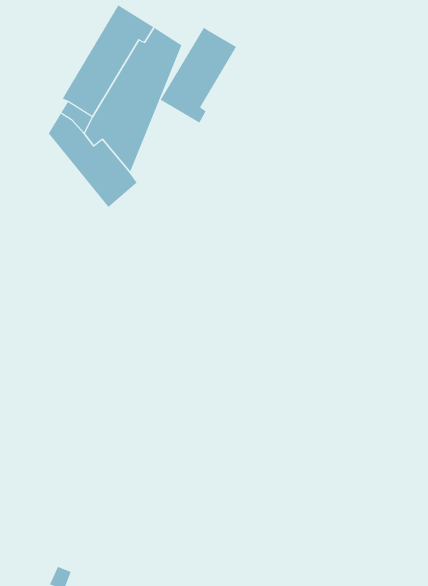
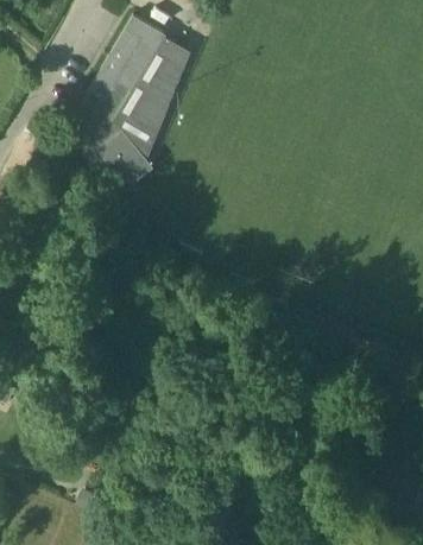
building: [160,27,237,123] -> none

